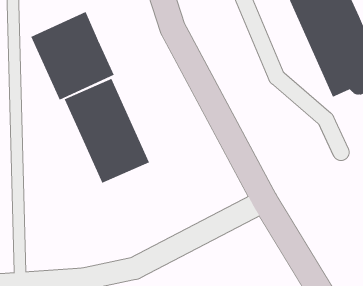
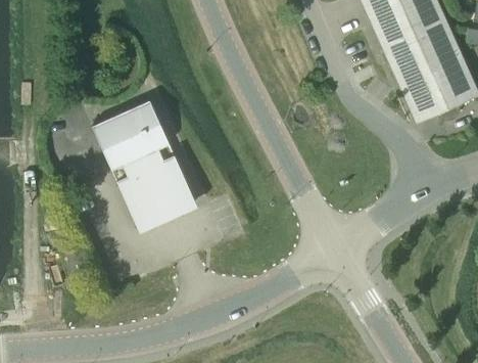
building: [31,11,114,100] -> none

